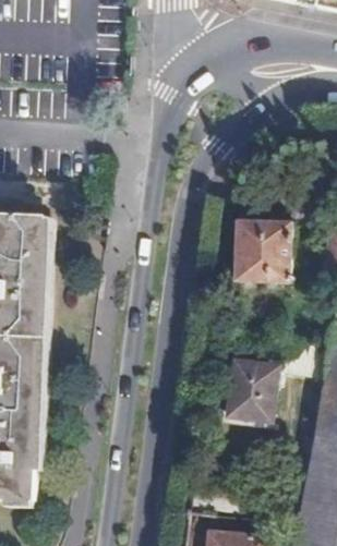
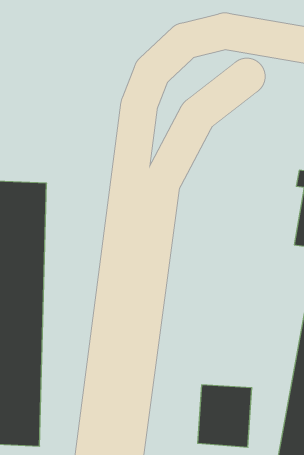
building: [232,213,286,284] -> none
building: [221,356,280,424] -> [198,385,252,447]

